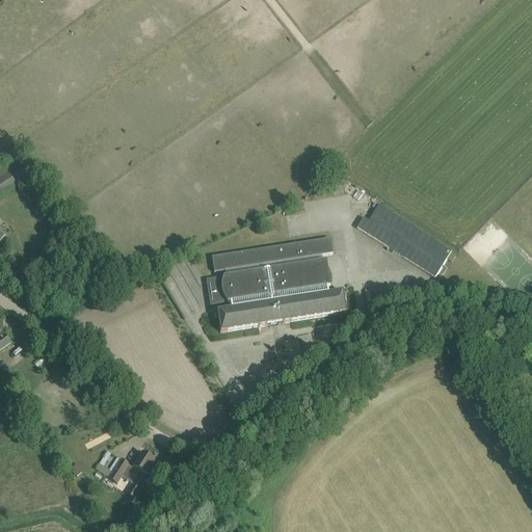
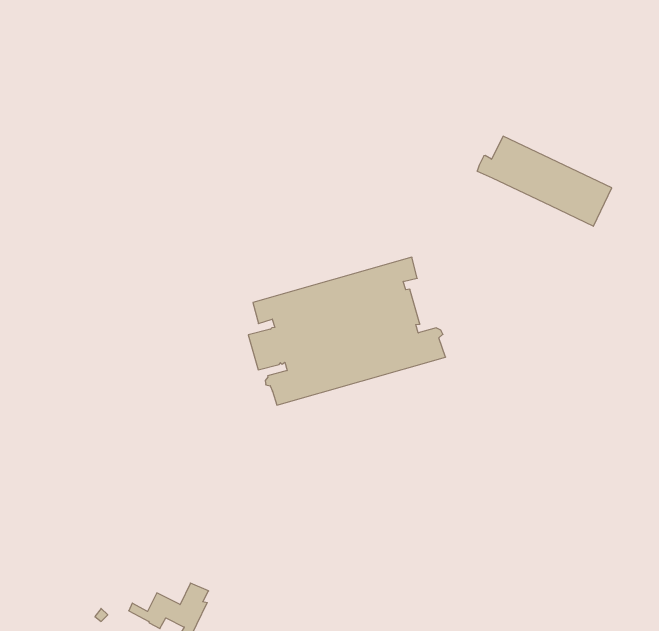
building: [355,202,451,274] -> [477,136,612,226]

